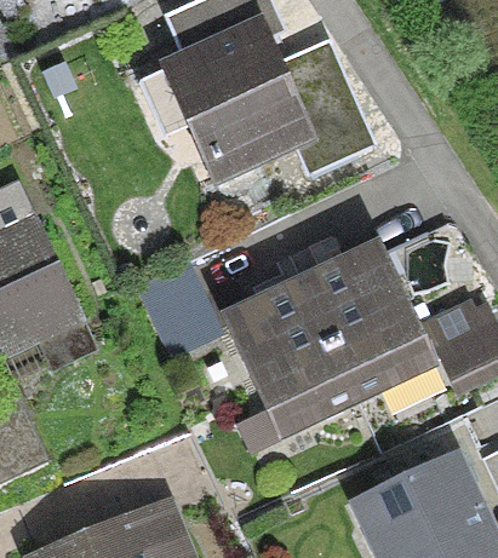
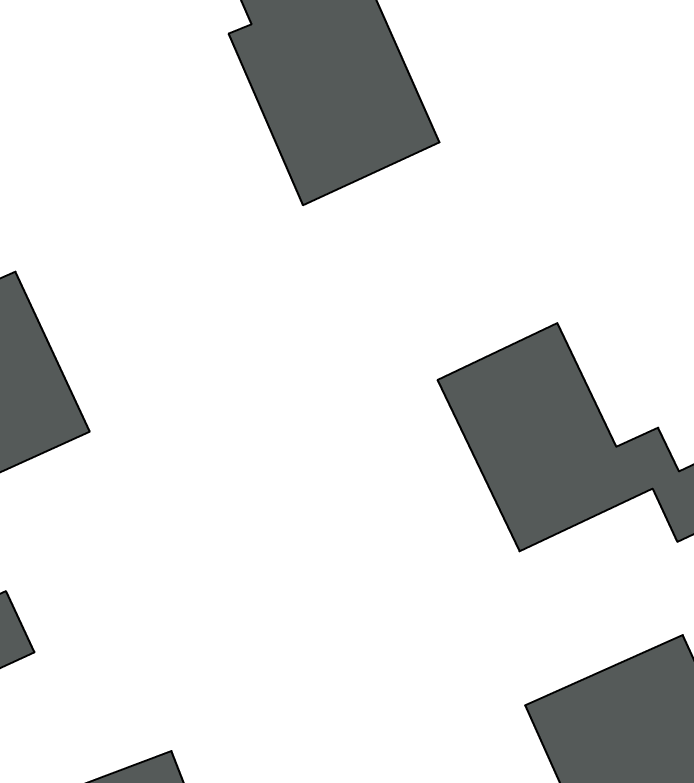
building: [227,287,355,432] -> none

